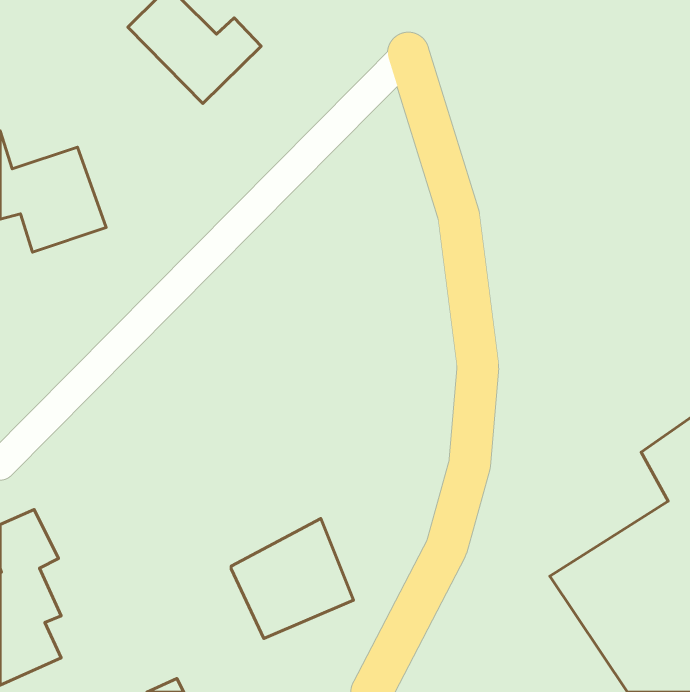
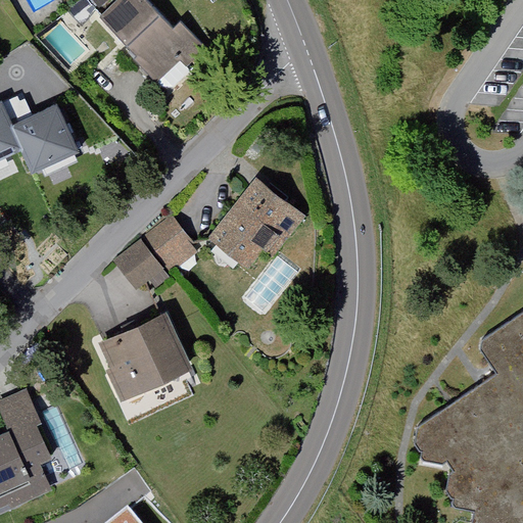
building: none -> [202,173,302,275]
building: none -> [110,213,199,297]
building: [231,519,354,638] -> [94,310,186,399]

